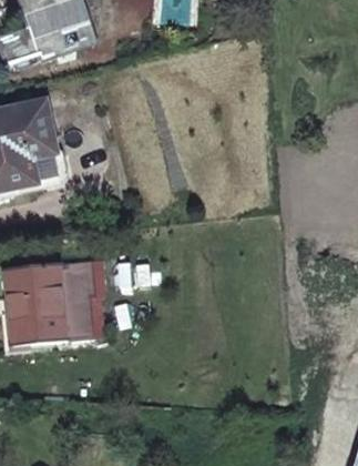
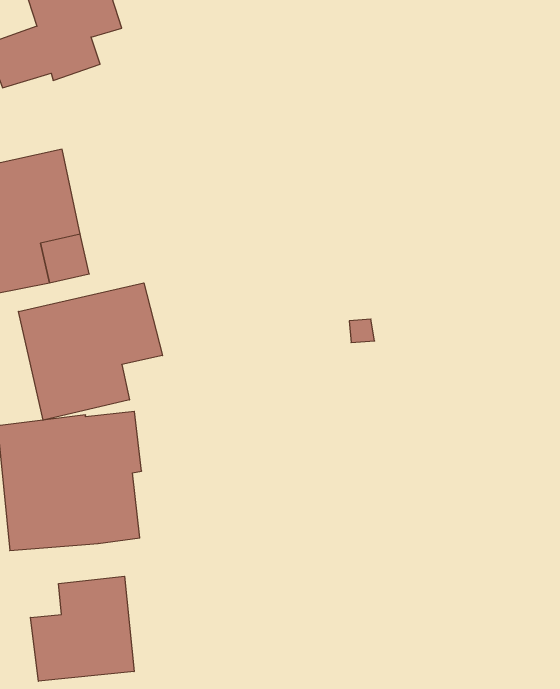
building: none -> [18,283,162,420]
building: none -> [30,576,134,681]

